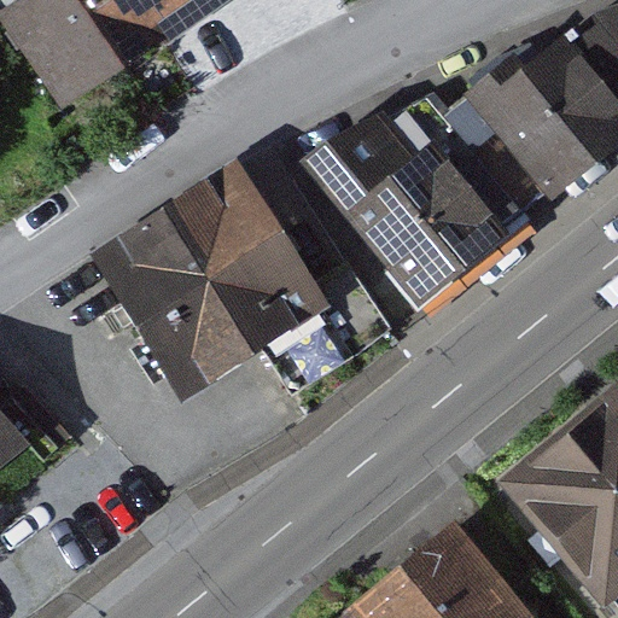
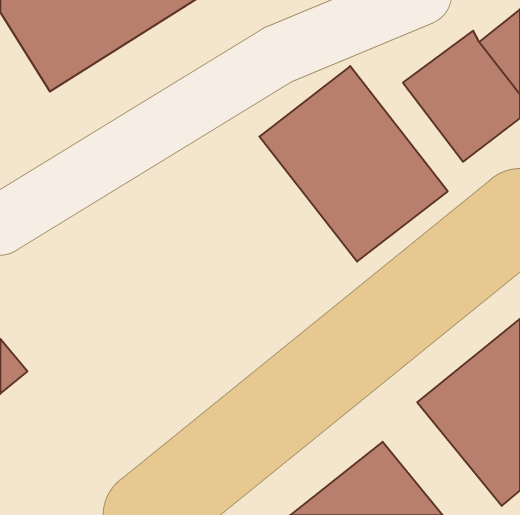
building: [93,168,328,401] -> none

